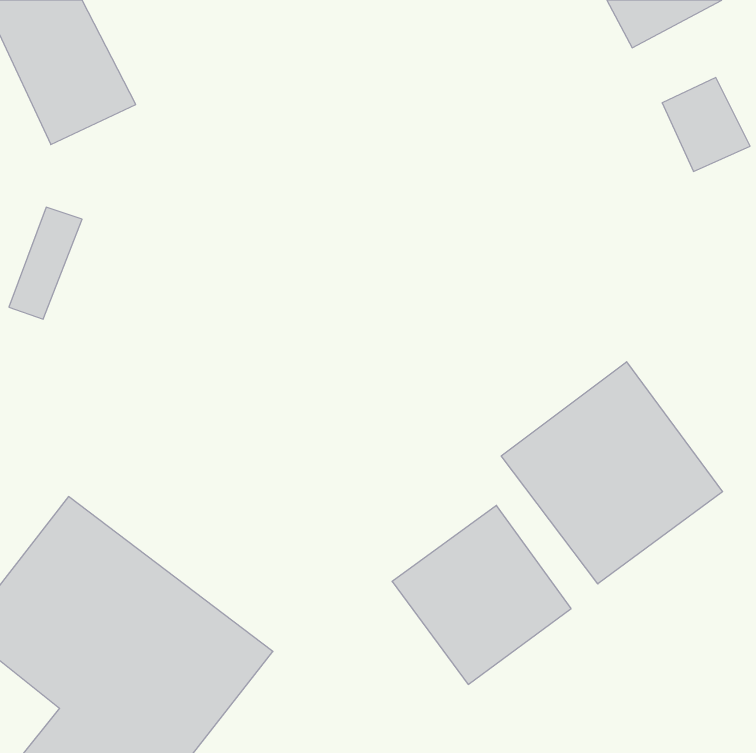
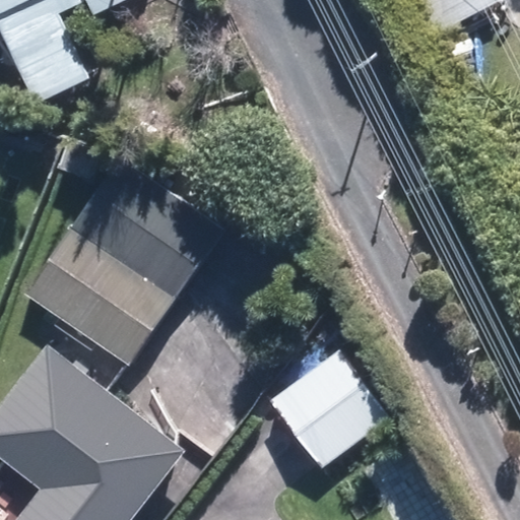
building: none -> [23,160,187,370]
building: [501,362,723,584] -> none

